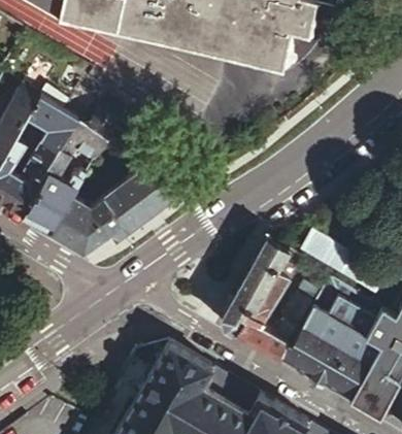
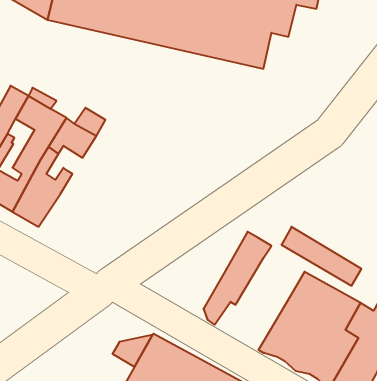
building: [52,163,198,255] -> none
building: [233,267,311,362] -> none

